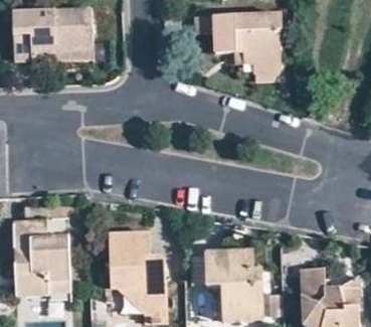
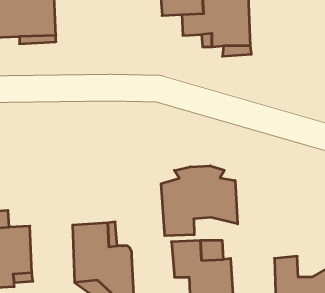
building: none -> [161,166,238,236]

